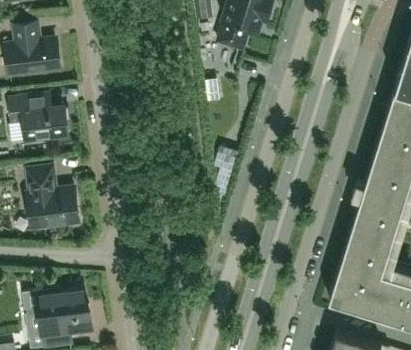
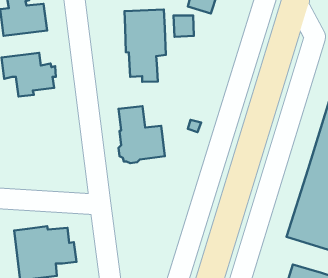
building: none -> [124,9,166,82]
building: [27,166,79,230] -> [118,106,165,163]

